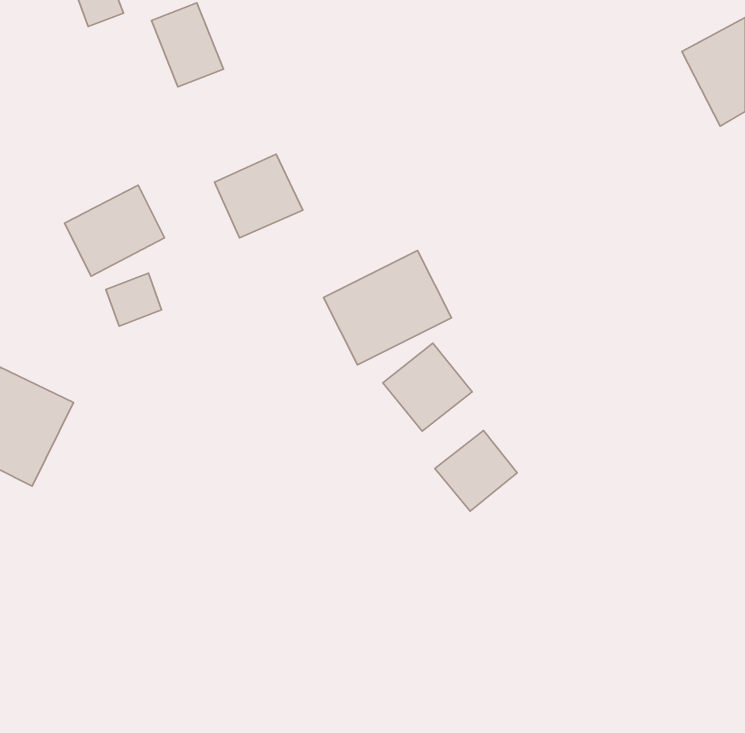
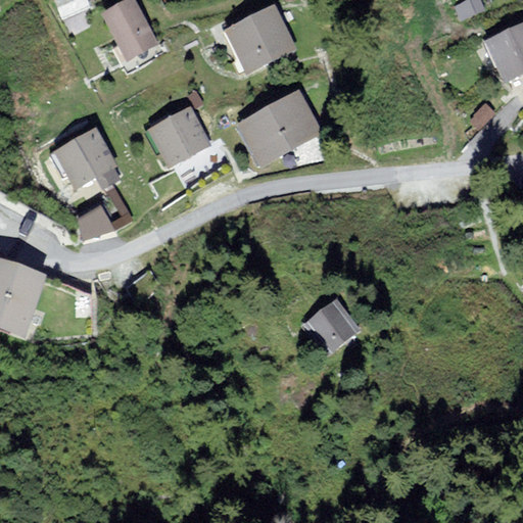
building: none -> [227,6,297,70]
building: [324,250,451,365] -> [235,86,324,165]
building: [383,343,472,431] -> none

